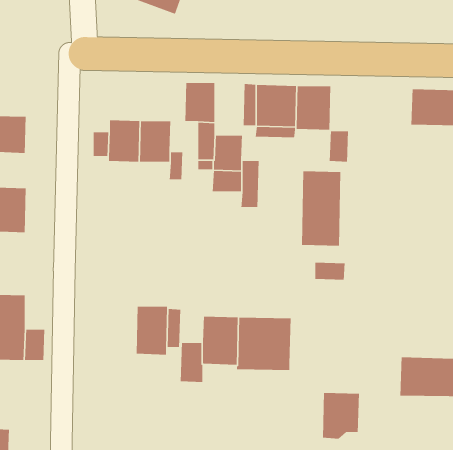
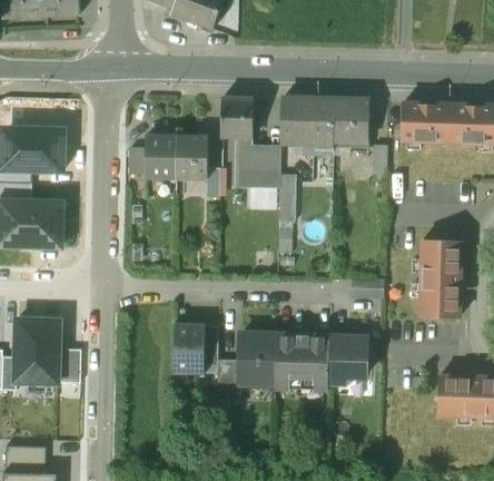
building: none -> [401,102,449,140]
building: [301,170,341,246] -> [419,239,460,316]
building: [322,392,360,439] -> [327,335,365,383]

